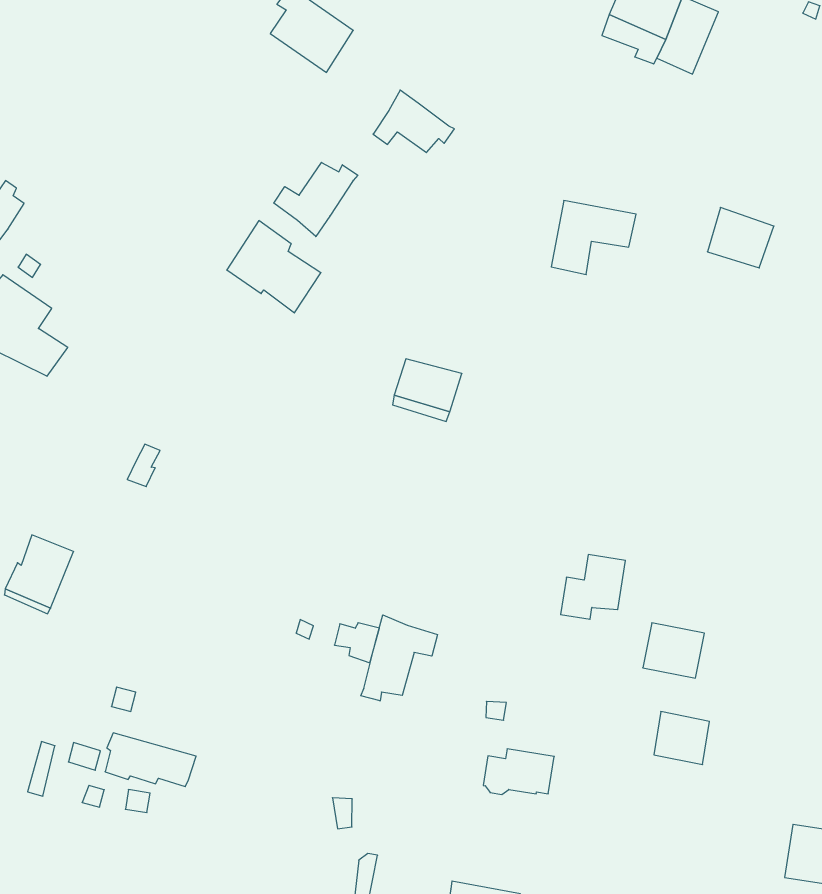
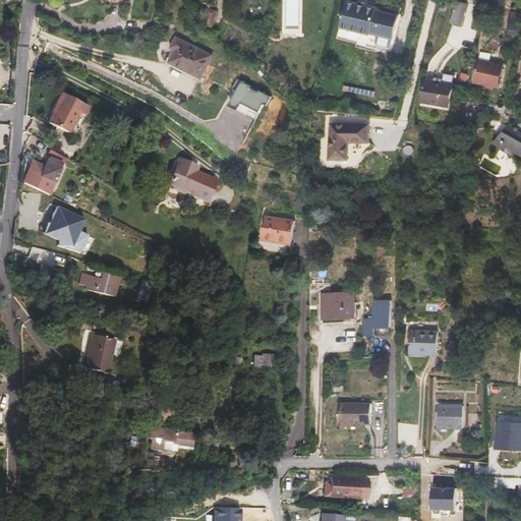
building: none -> [47,91,88,132]
building: [274,162,358,237] -> none
building: [707,207,774,268] -> [422,77,454,105]
building: none -> [77,272,120,295]
building: none -> [322,289,355,319]
building: [361,615,438,701] -> none
building: [654,712,709,765] -> [438,403,463,426]

